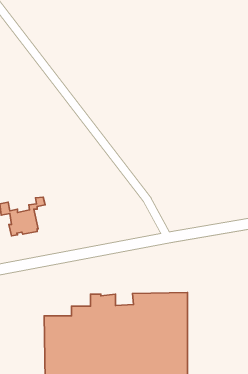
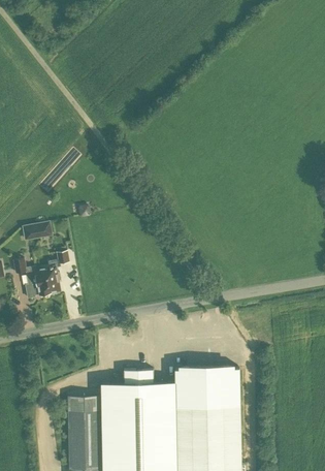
building: none -> [21,221,53,242]

